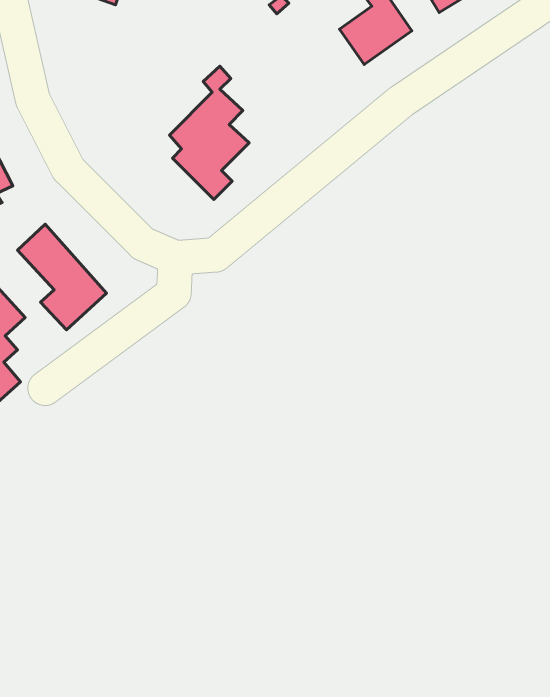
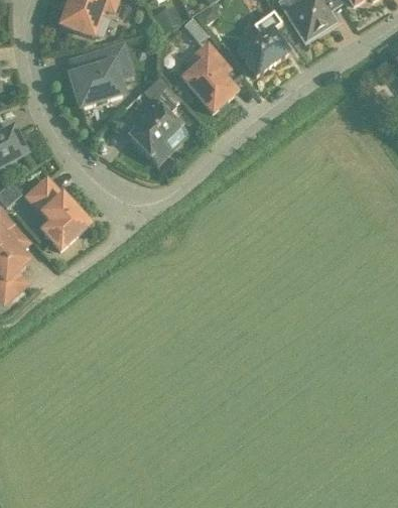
building: none -> [184,43,234,112]
building: none -> [72,45,130,107]

